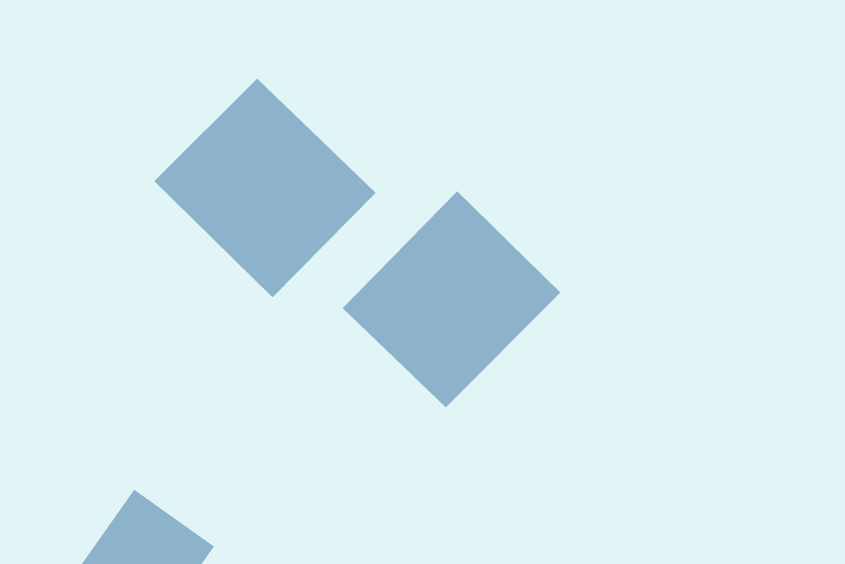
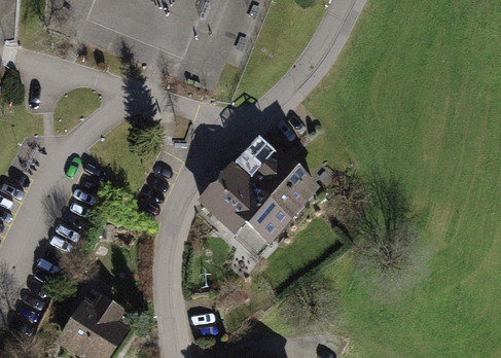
building: [153,78,376,298] -> none

